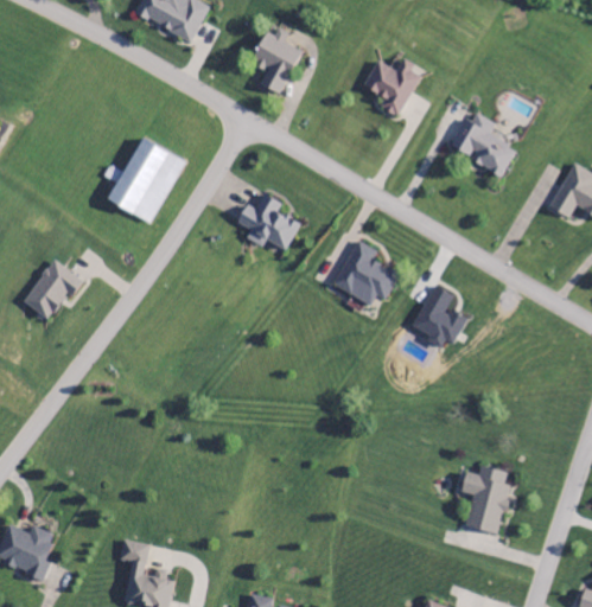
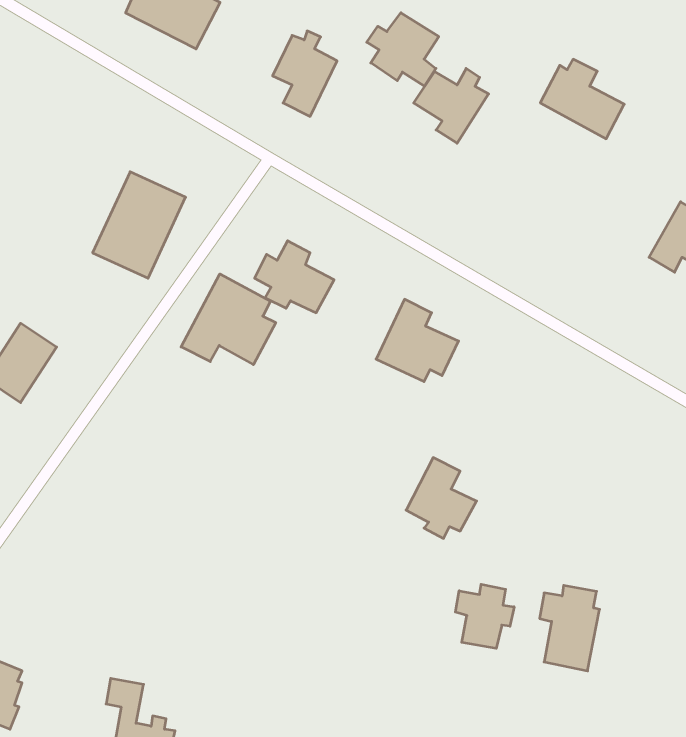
building: none -> [367,13,439,86]
building: [450,113,516,175] -> [540,59,624,139]
building: none -> [181,274,276,365]
building: [410,285,466,349] -> [406,458,477,538]
building: none -> [455,584,514,648]

